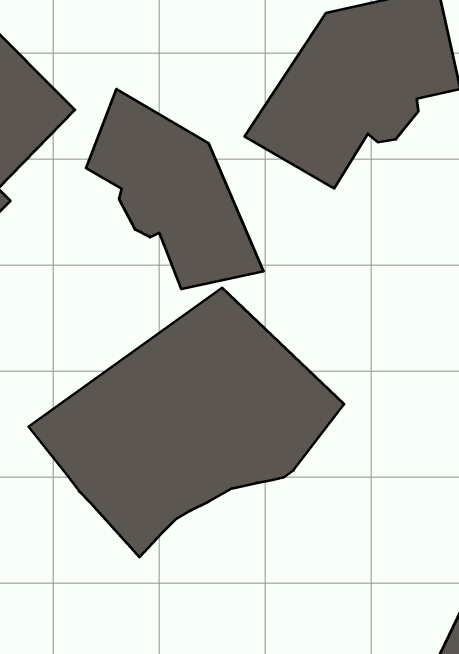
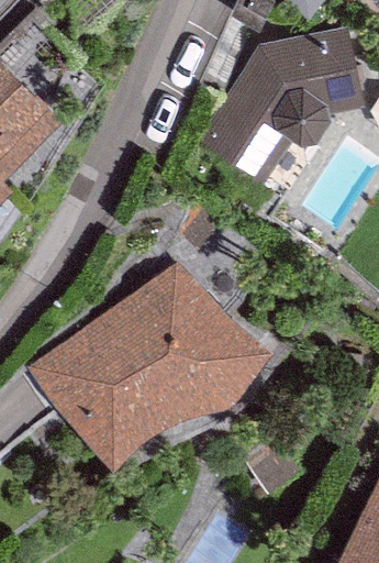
building: [86,89,263,289] -> none

